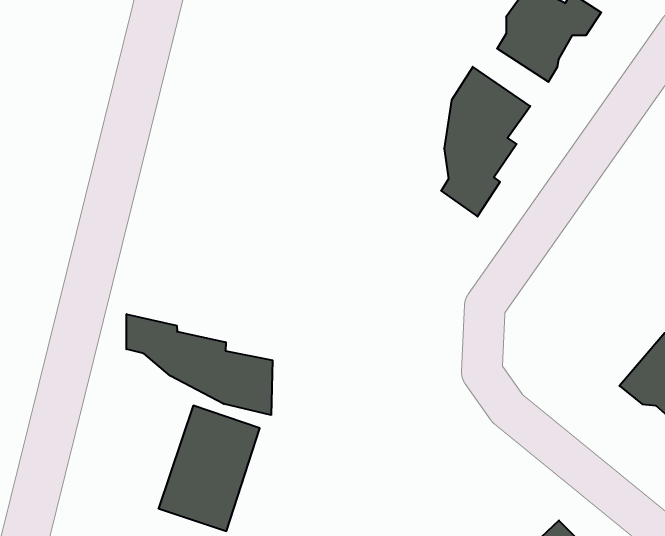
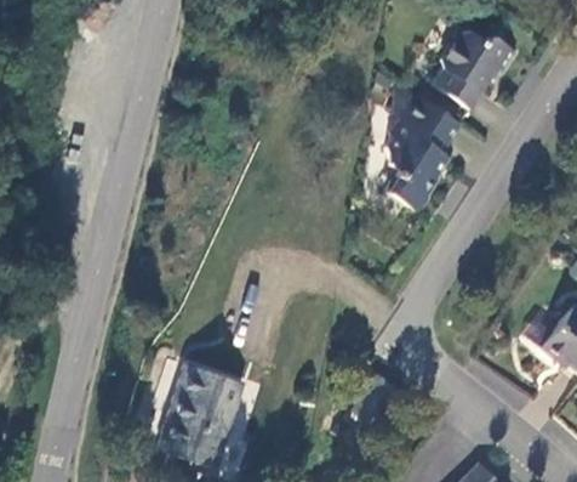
building: [126,314,273,415] -> none

